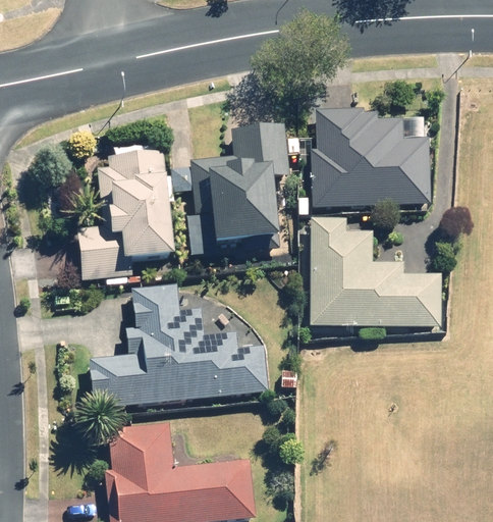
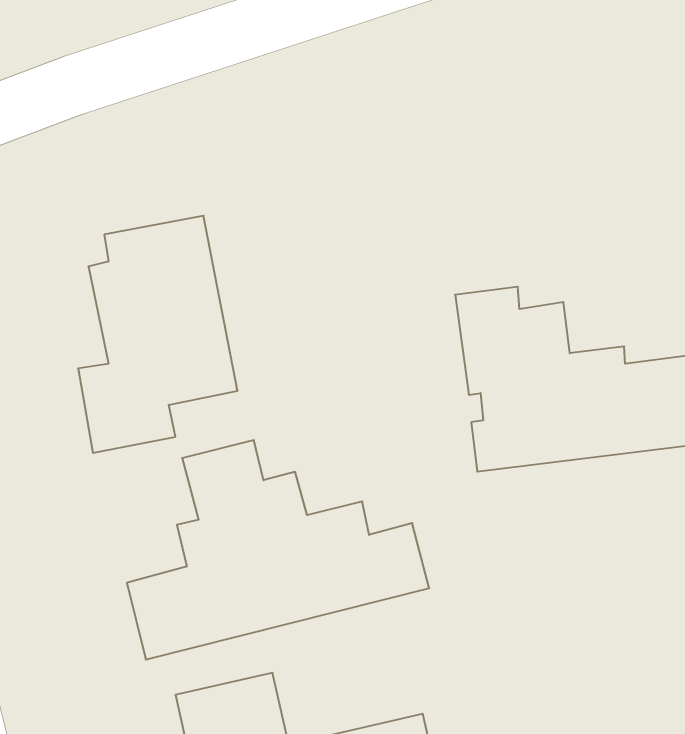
building: [310,110,430,205] -> none
building: [195,122,288,243] -> none

